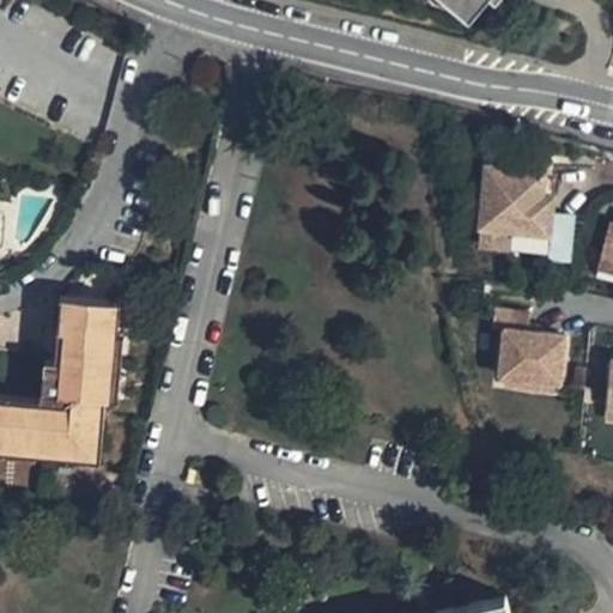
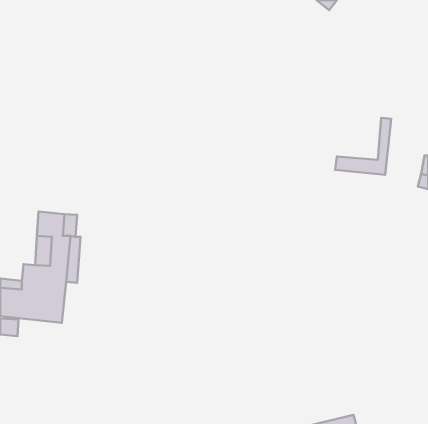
building: [481,169,545,233] -> none
building: [491,310,563,381] -> none

